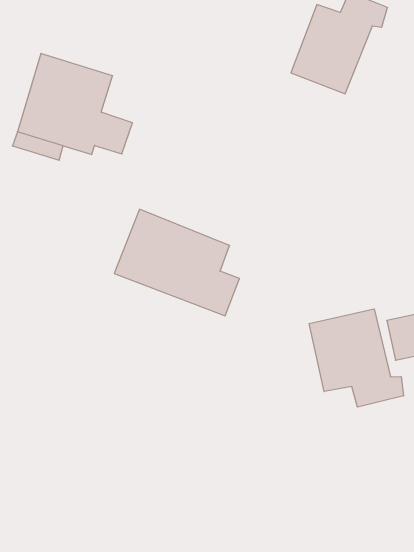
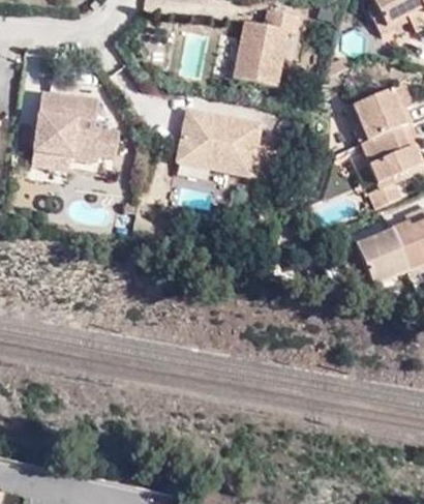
building: [114,209,239,316] -> [175,105,270,175]
building: [309,309,404,407] -> none

